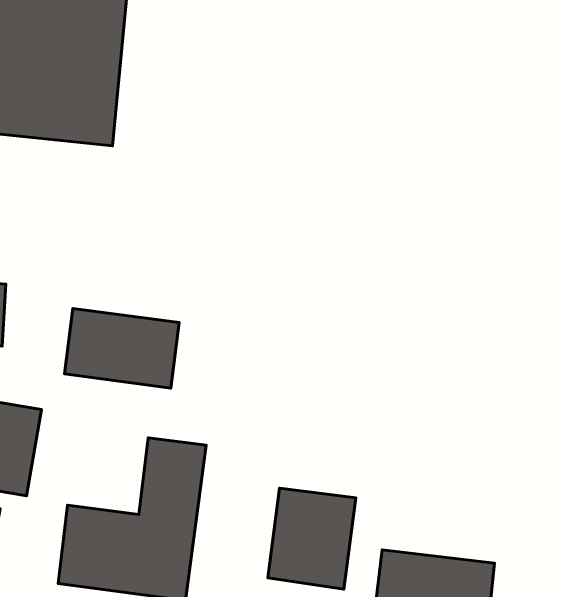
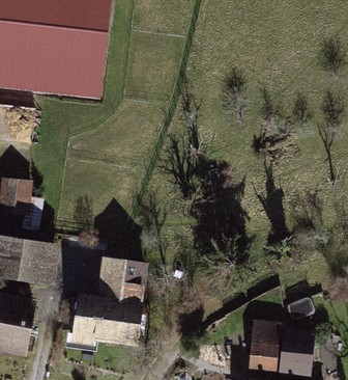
building: [64,308,179,388] -> none
building: [268,488,356,589] -> none

